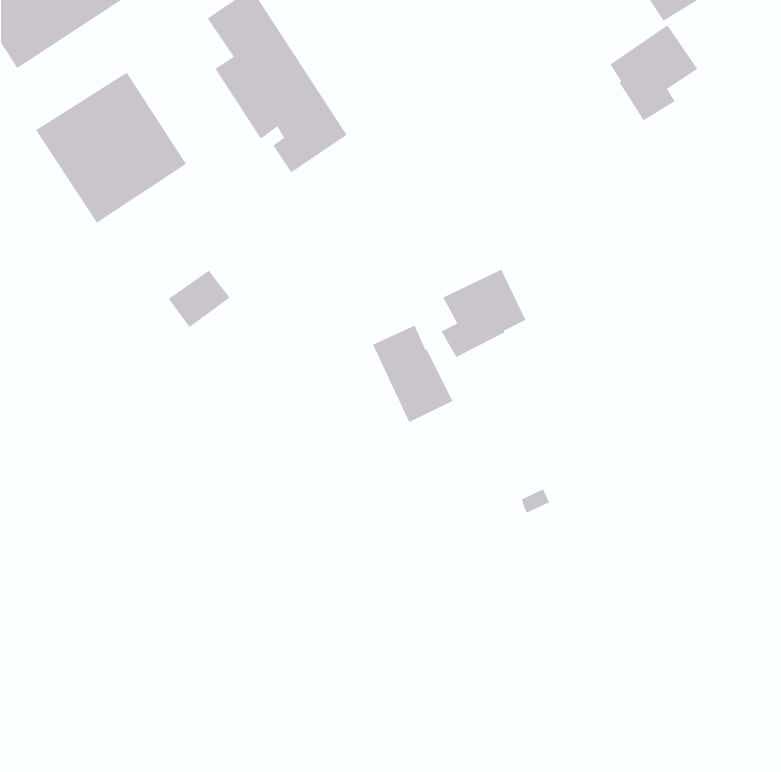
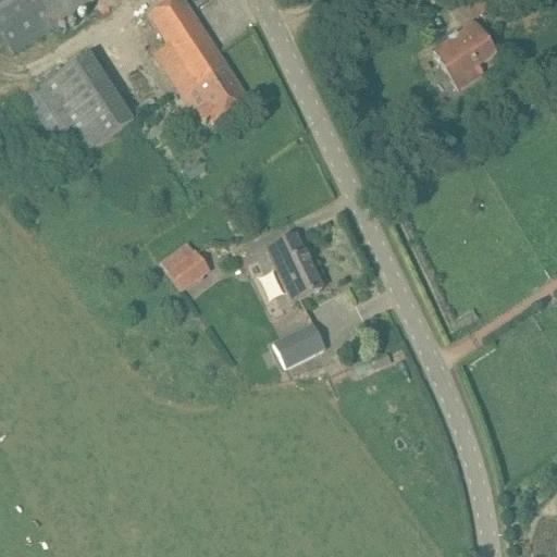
building: [441,269,526,358] -> none
building: [168,270,231,328] -> [168,247,212,288]
building: none -> [273,322,322,364]

